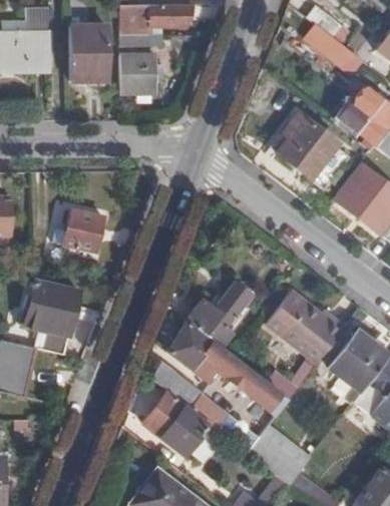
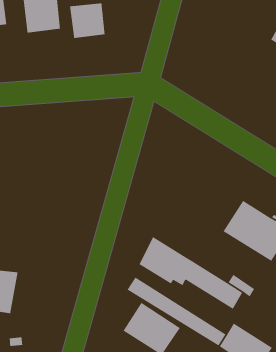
building: [275,112,338,178] -> none
building: [60,212,102,249] -> none
building: [27,281,79,353] -> none
building: [187,282,251,348] -> none

